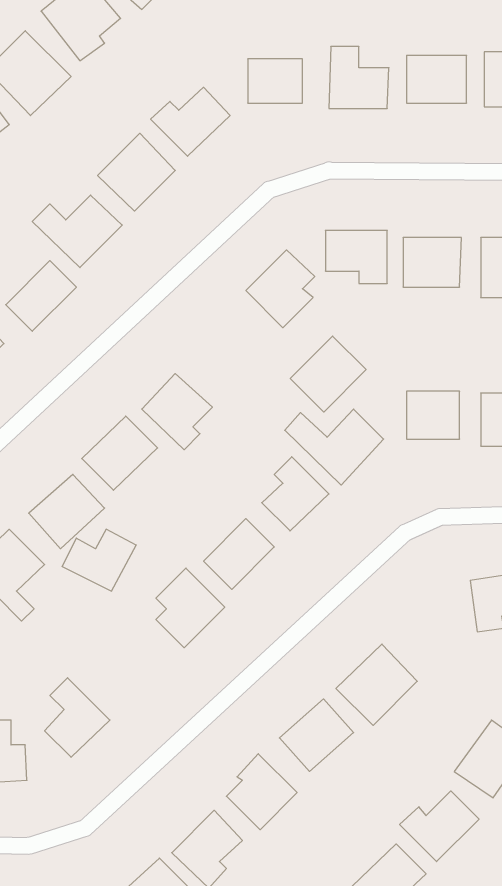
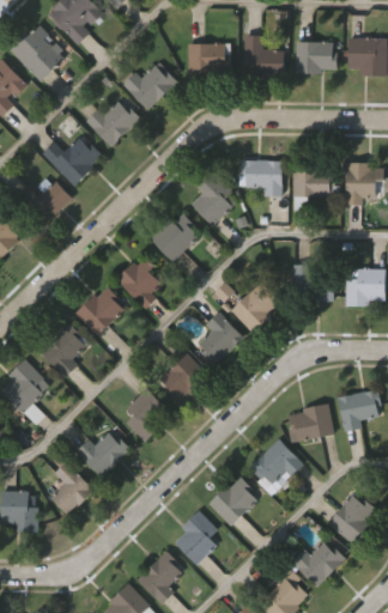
building: [290,336,366,412] -> [152,211,204,262]
building: [62,529,136,591] -> [77,433,127,475]
building: none -> [289,405,335,442]

